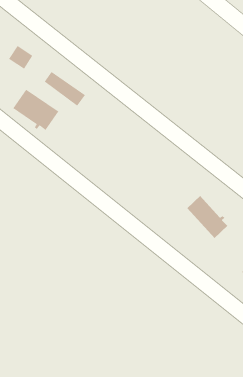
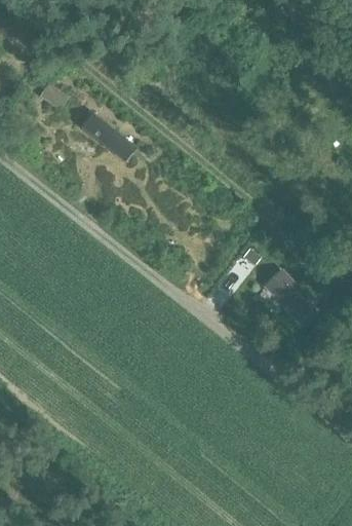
building: [13,89,59,131] -> none

